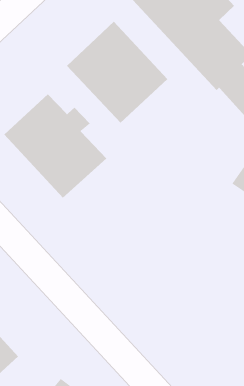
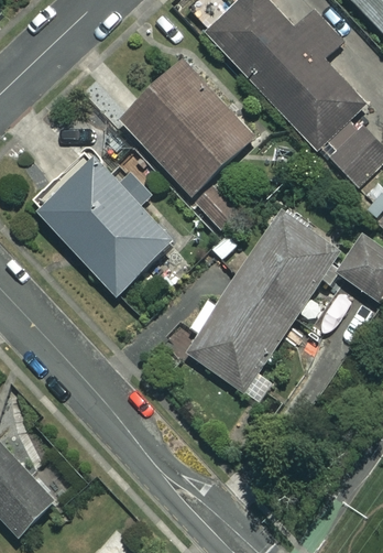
building: none -> [186,210,338,392]

